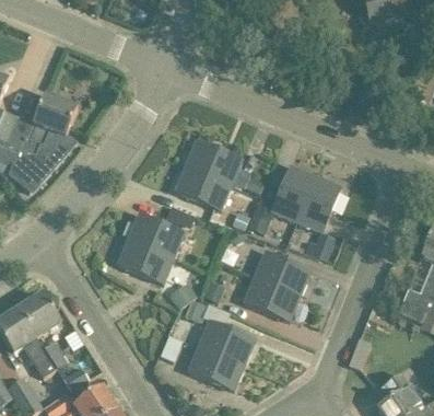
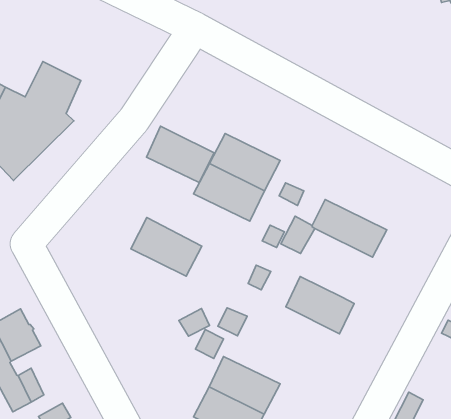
building: none -> [147,126,214,183]
building: [281,165,341,208] -> none
building: [118,239,174,282] -> none
building: [245,276,301,320] -> none

